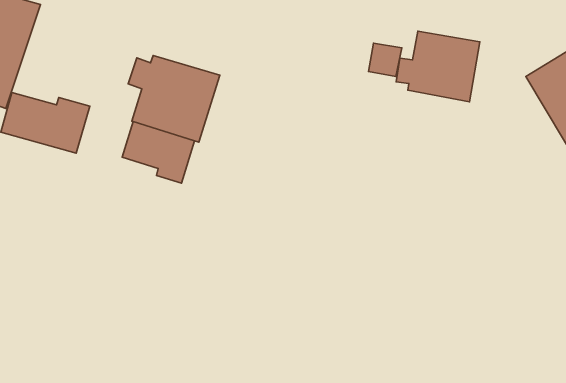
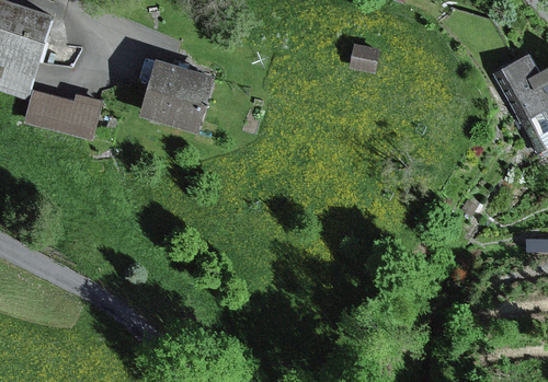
building: [396,31,480,102] -> none
building: [122,121,194,183] -> none

